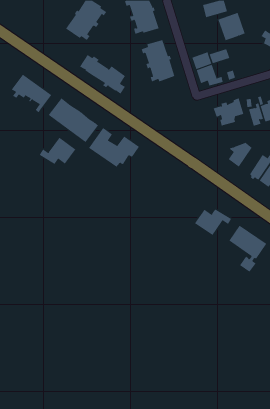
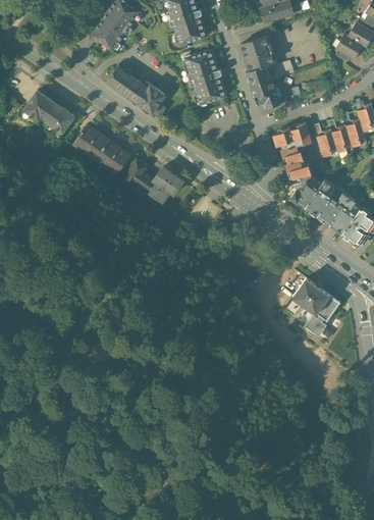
building: [217,12,245,42] -> [241,35,275,71]
building: none -> [285,152,312,183]
building: [39,137,76,165] -> none
building: none -> [306,178,334,218]
building: [194,209,232,236] -> none

